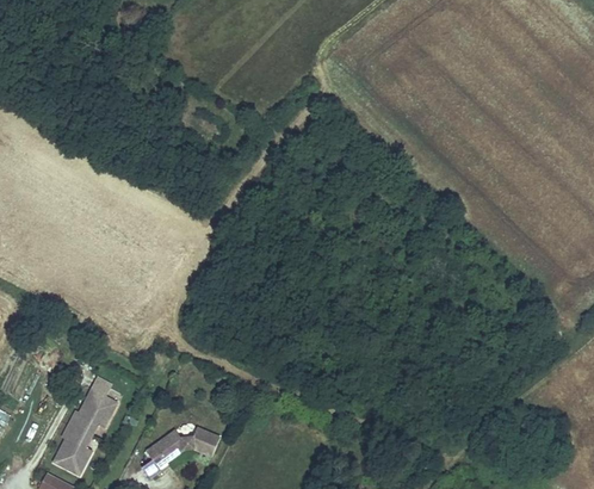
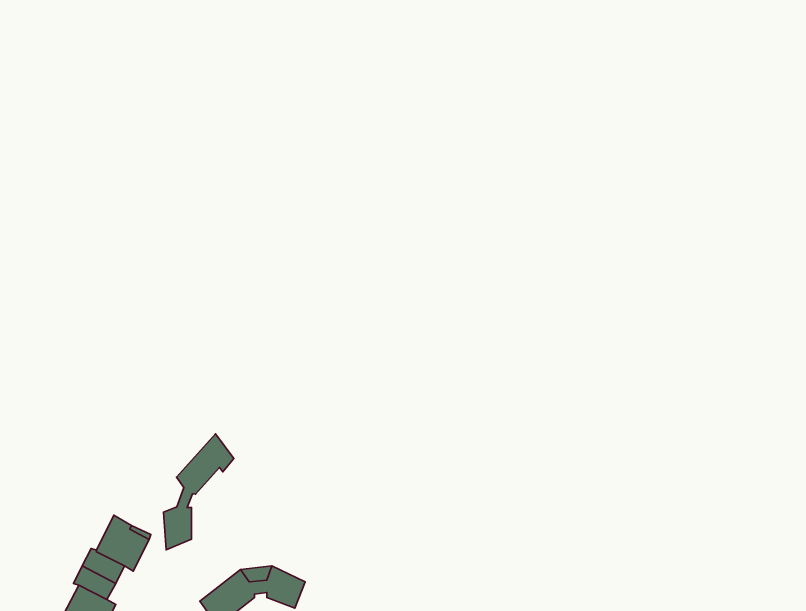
building: none -> [164,434,234,550]

